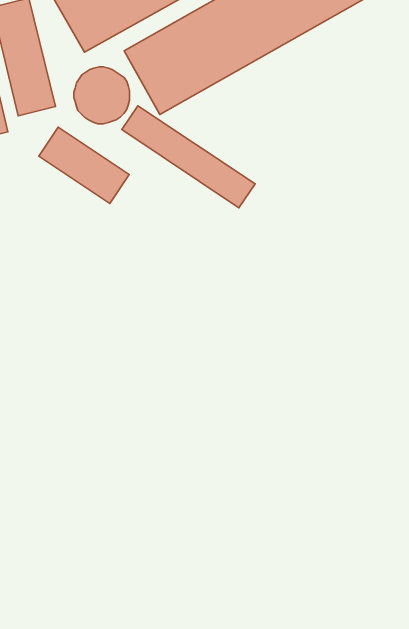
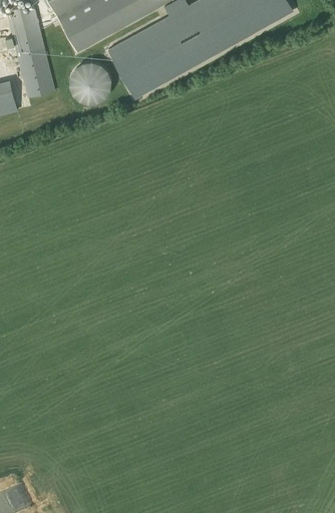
building: [122,106,255,208] -> none
building: [39,127,129,204] -> none

